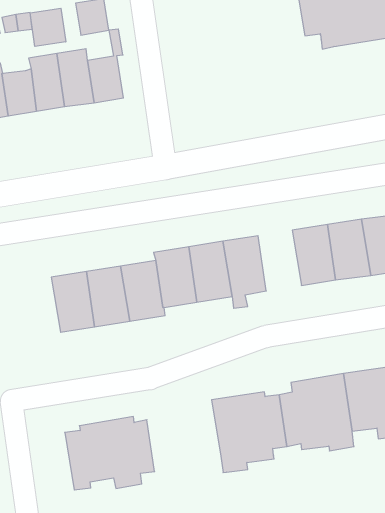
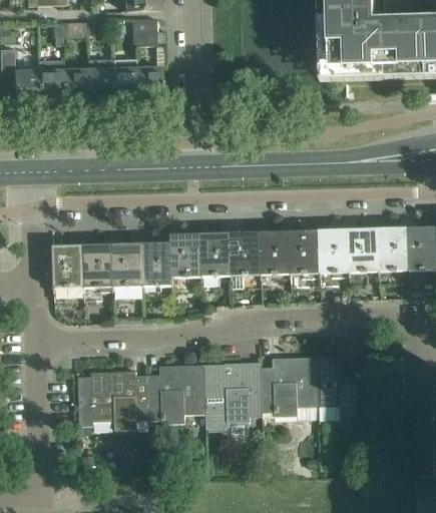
building: [30,8,66,46] -> none
building: none -> [260,229,291,278]
building: none -> [52,243,84,292]
building: none -> [147,363,204,421]

